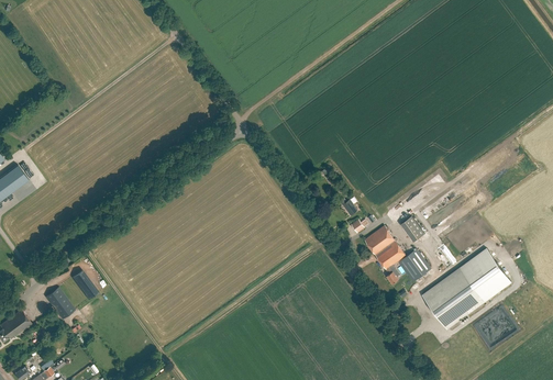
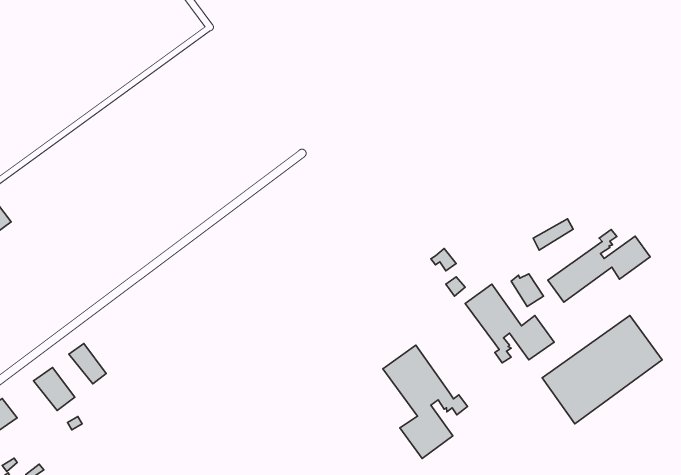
building: none -> [548,229,650,302]
building: none -> [383,345,467,459]

